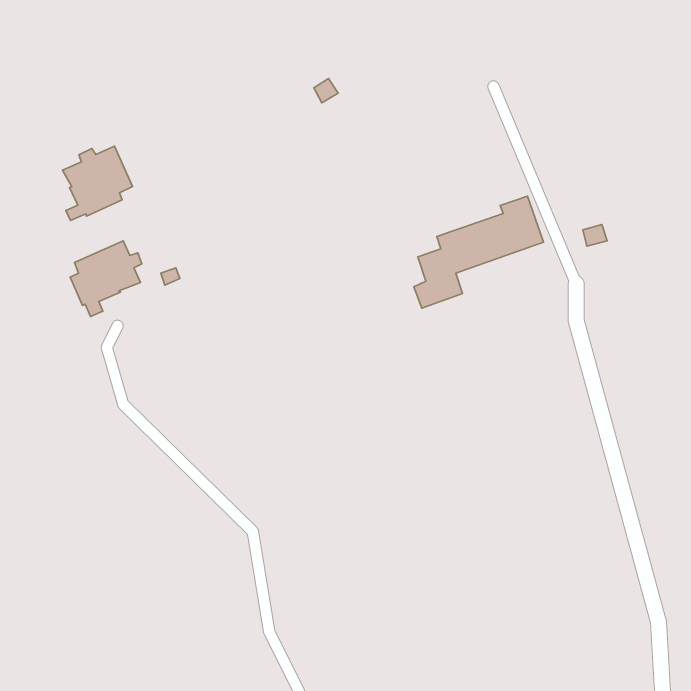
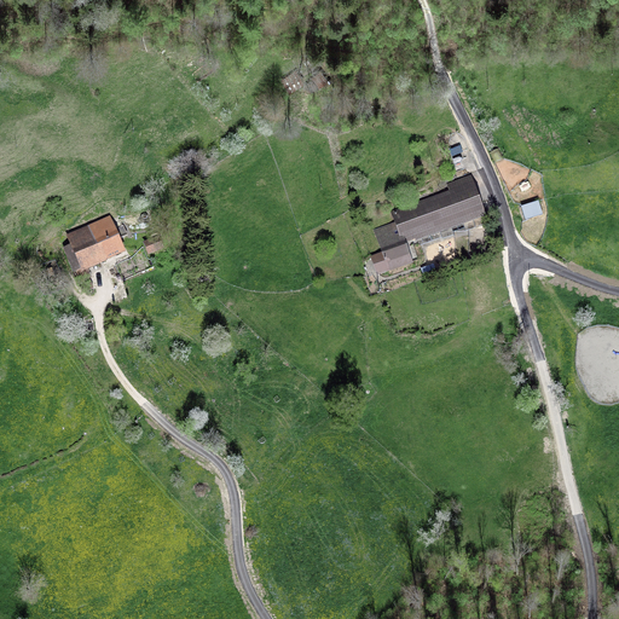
building: [63,146,133,221] -> none

